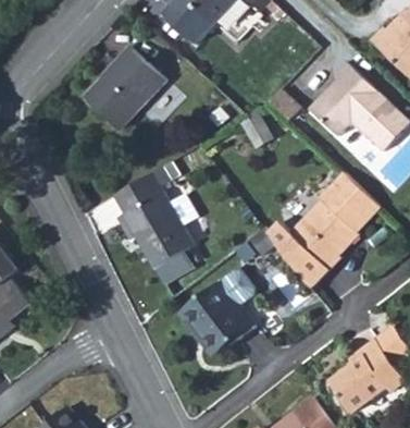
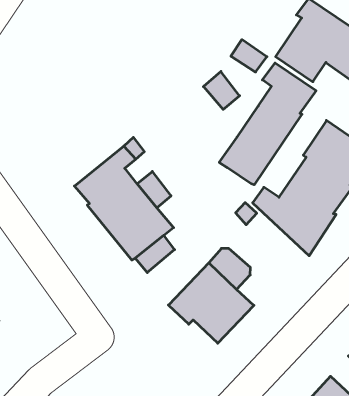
building: [83,47,163,130] -> none
building: none -> [219,63,316,185]

